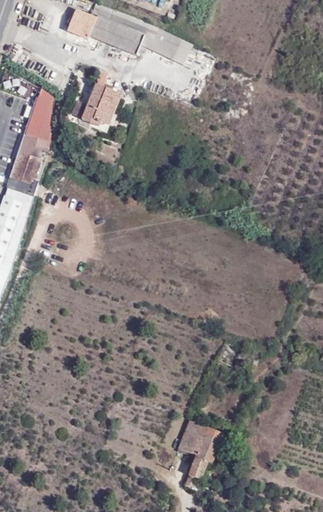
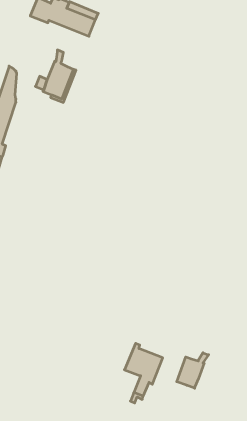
building: none -> [177,353,209,388]

